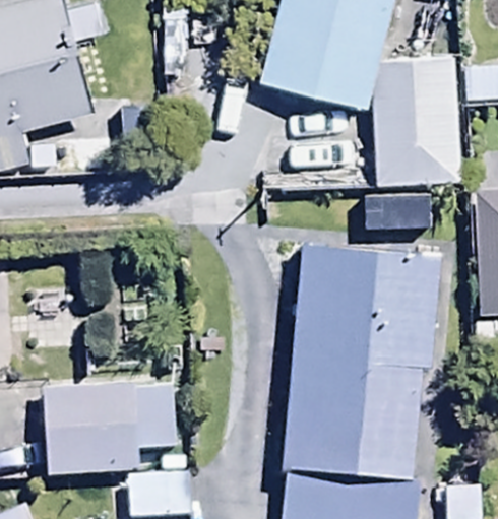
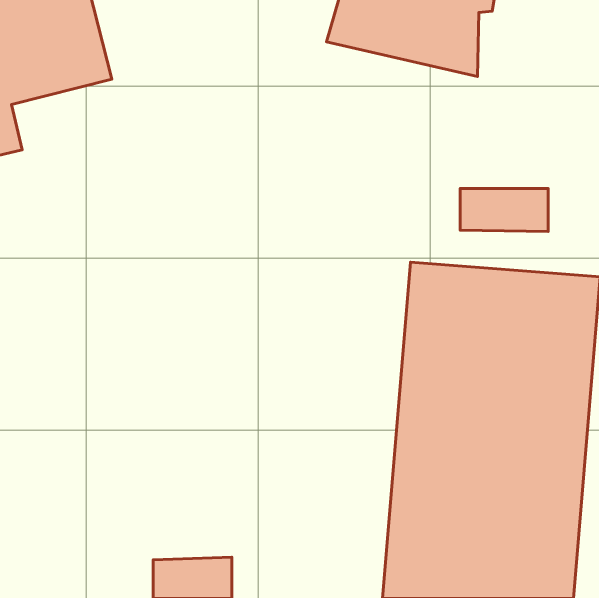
building: [369,57,452,186] -> none
building: [39,385,168,474] -> none

